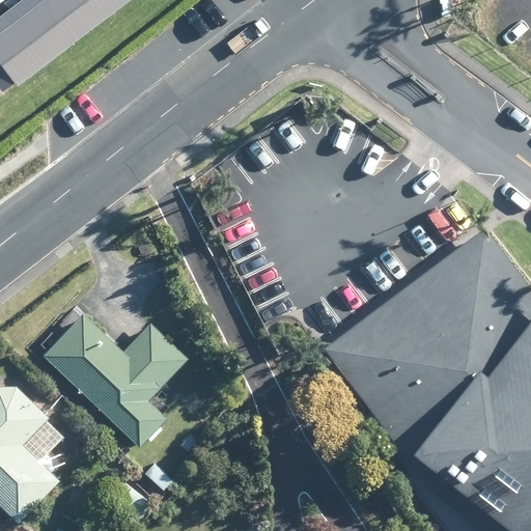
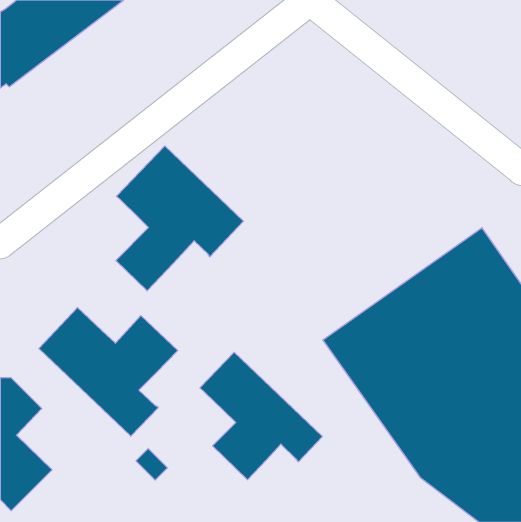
building: none -> [116,146,244,291]
building: none -> [200,352,322,480]

